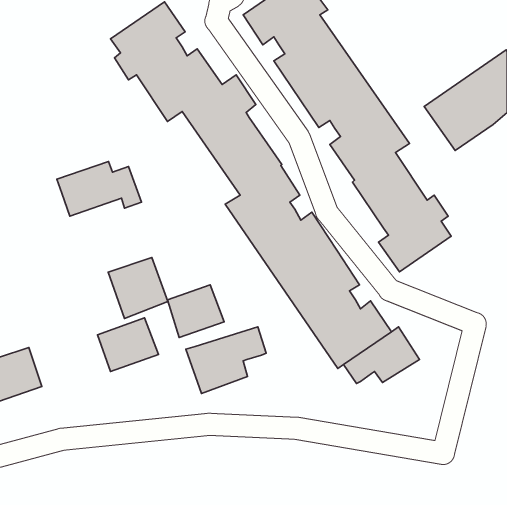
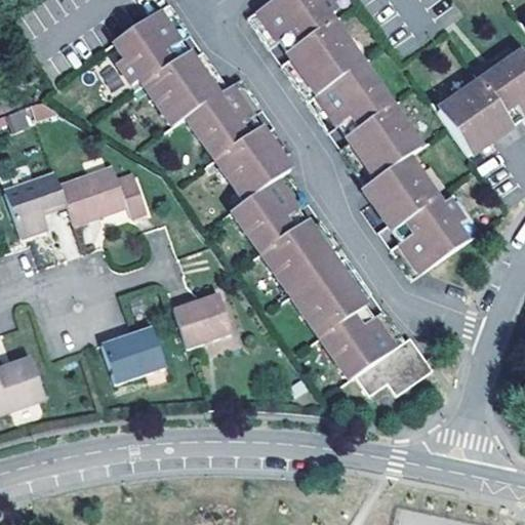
building: none -> [4,173,64,236]
building: [108,258,168,318] -> none
building: [186,327,266,393] -> none

